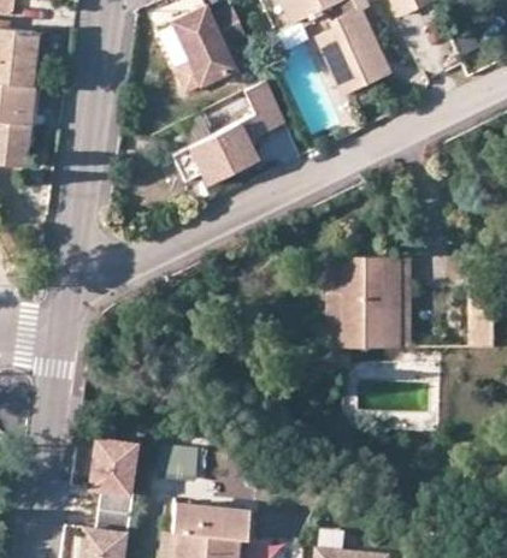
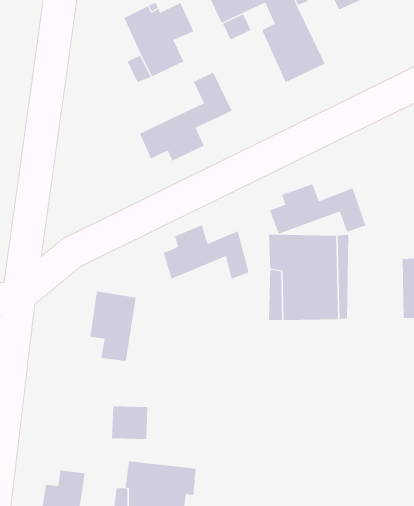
building: none -> [269,183,366,234]
building: none -> [163,225,249,280]
building: [89,438,140,514] -> [89,291,136,361]

